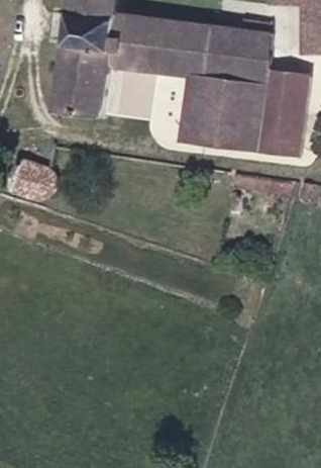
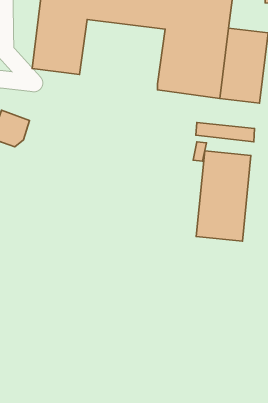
building: [105,63,195,130] -> none
building: none -> [196,151,251,241]

